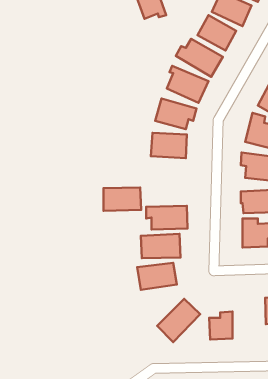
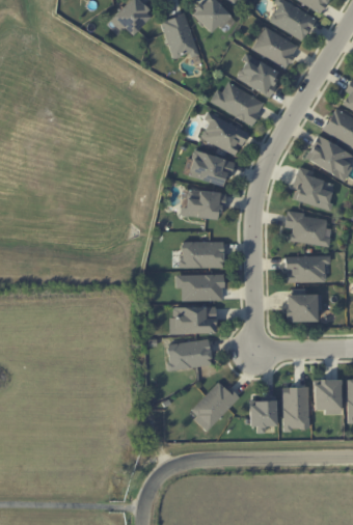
building: [103,187,141,211] -> [181,241,224,268]
building: none -> [282,387,308,429]

